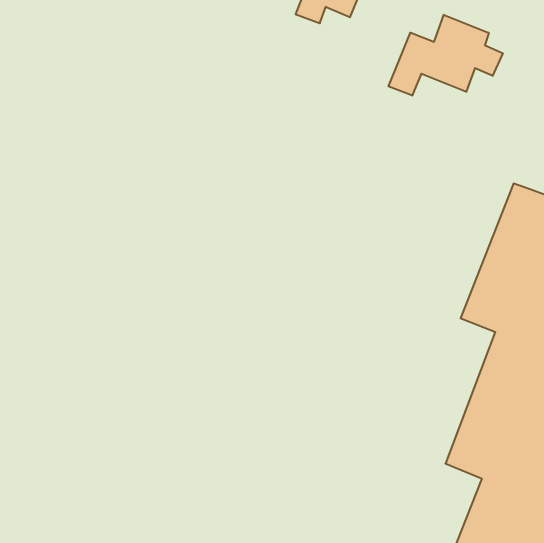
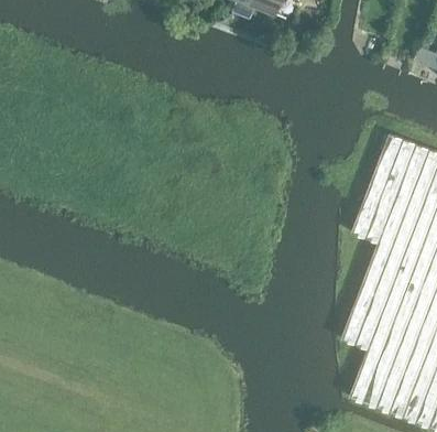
building: [389,15,503,96] -> none

